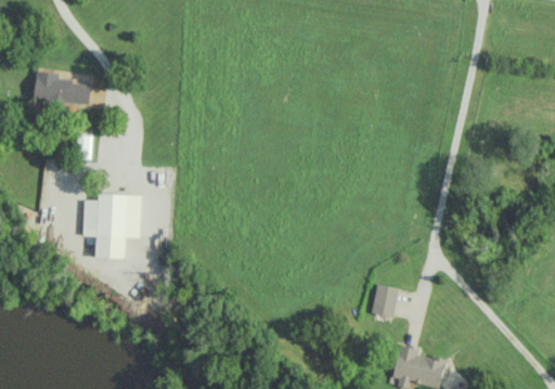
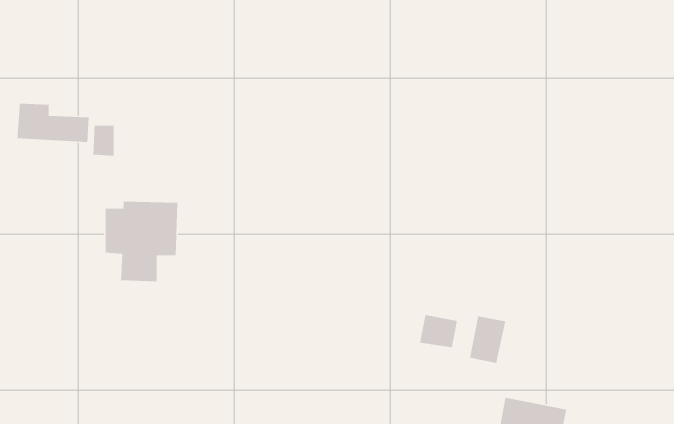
building: [33,72,90,103] -> [17,103,90,143]
building: none -> [419,314,458,348]

